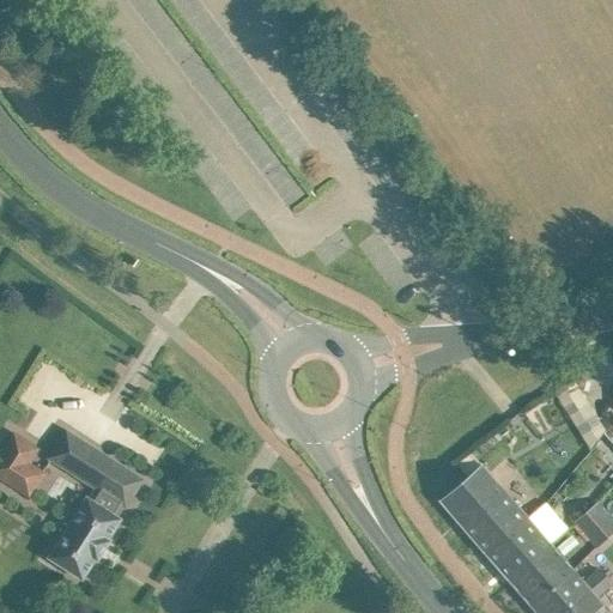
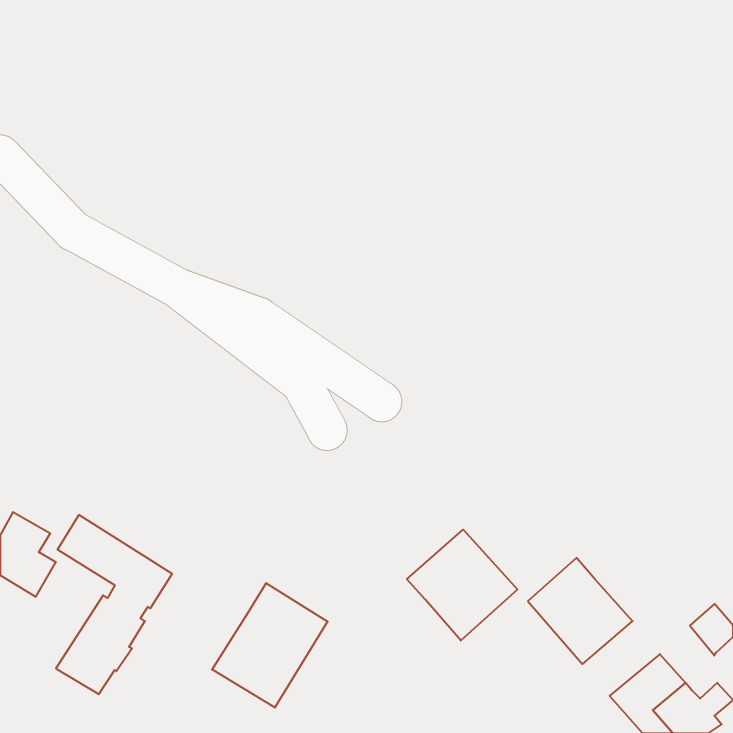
building: none -> [407,530,517,641]
building: none -> [212,583,328,708]
building: [486,504,569,581] -> none

